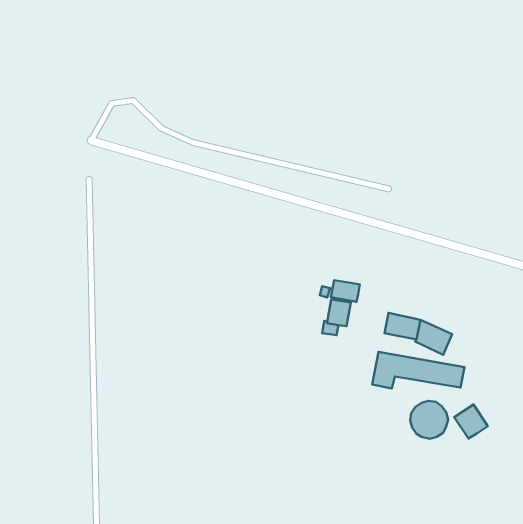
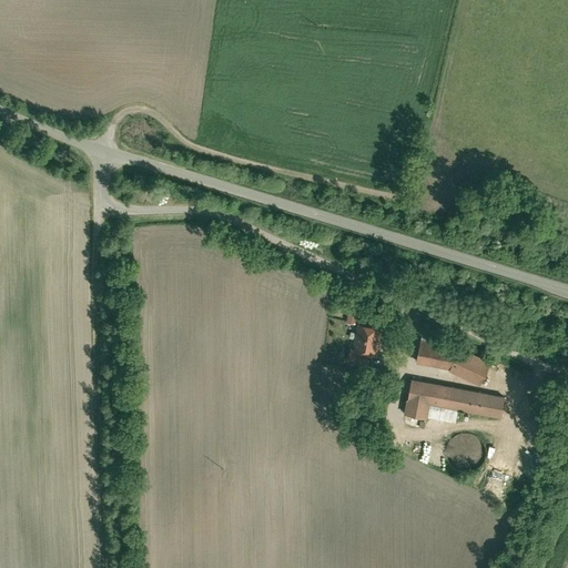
building: [331,280,360,302] -> none
building: [454,405,488,439] -> none

